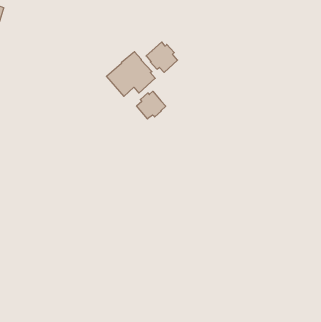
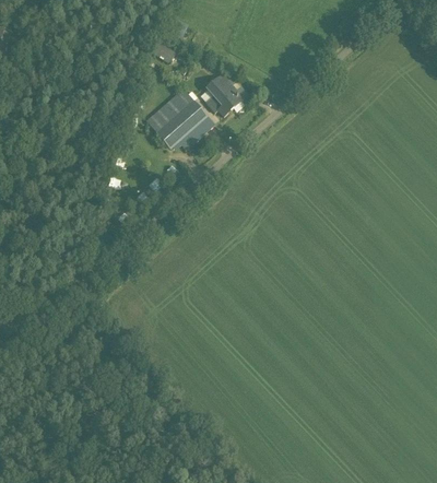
building: [137,91,166,119] -> none

